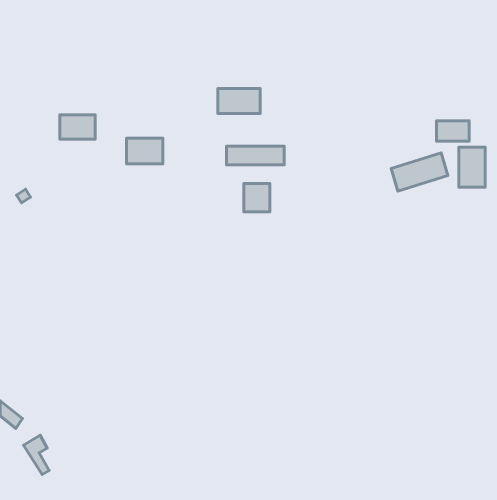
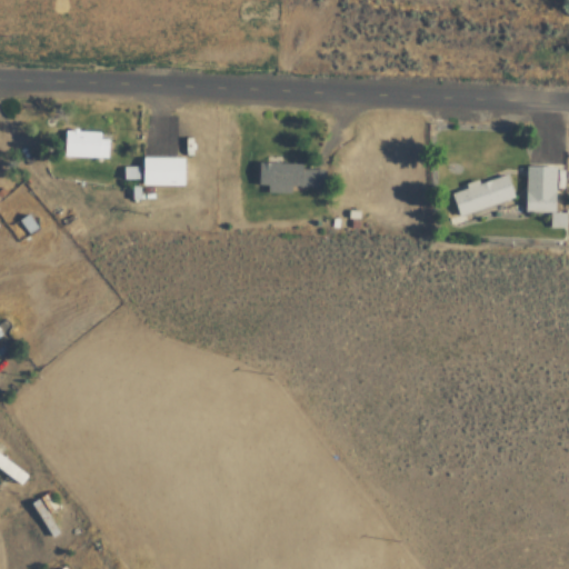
building: [218,88,260,114] -> none
building: [437,121,469,141] -> none
building: [244,183,270,212] -> none

